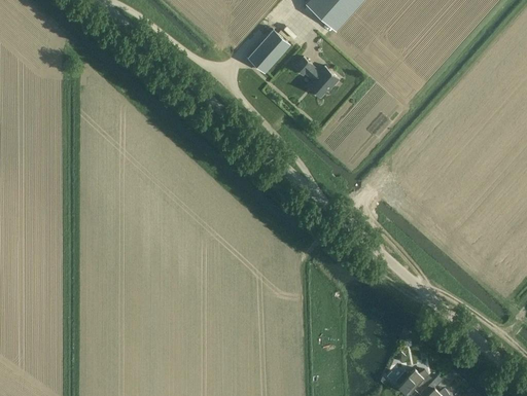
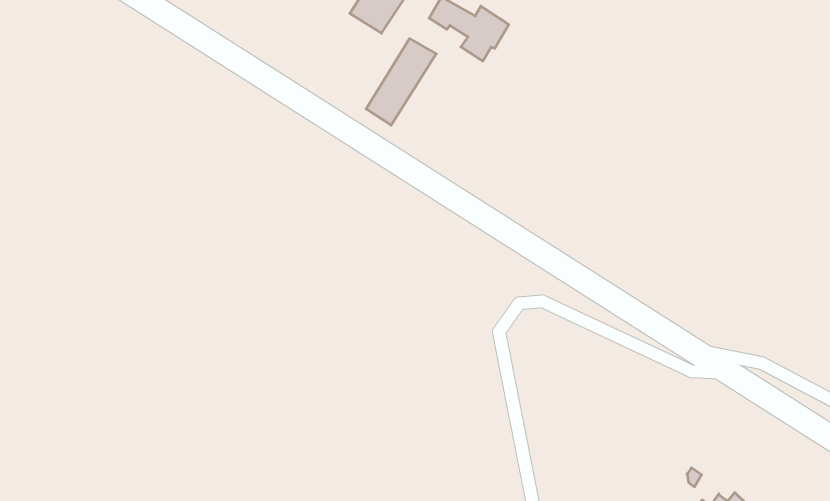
building: none -> [366,39,436,125]

